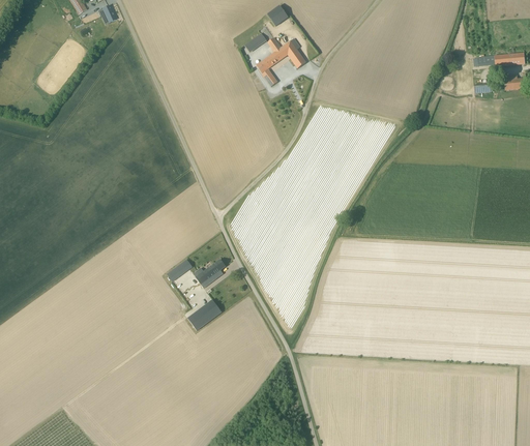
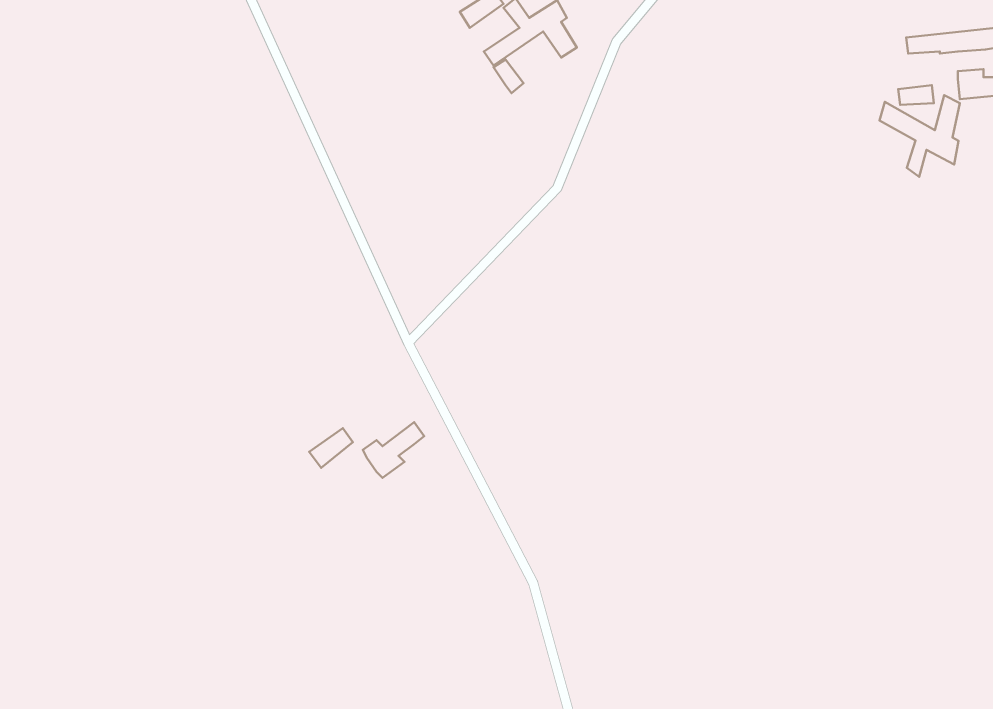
building: none -> [880,95,960,177]
building: [187,299,222,330] -> none

